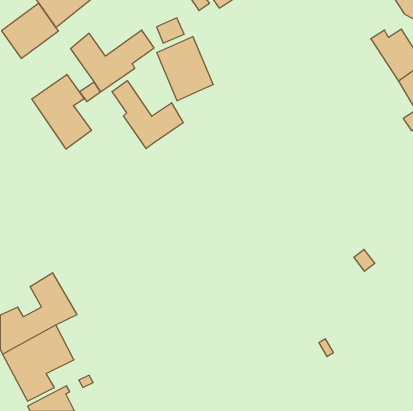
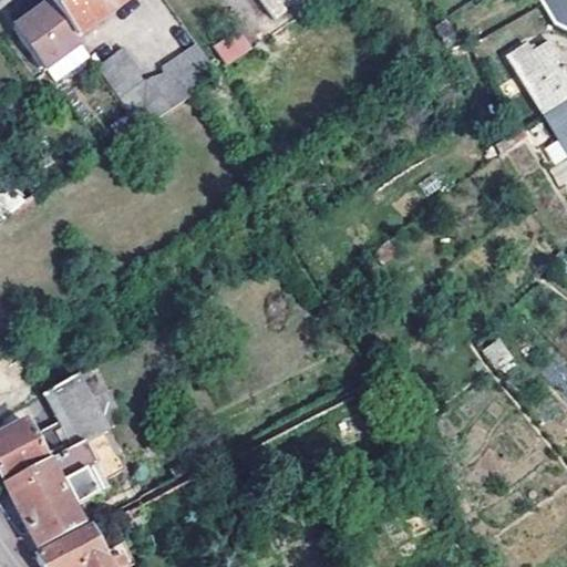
building: [157,36,213,101] -> none
building: [32,74,92,149] -> none
building: [112,81,183,149] -> none

